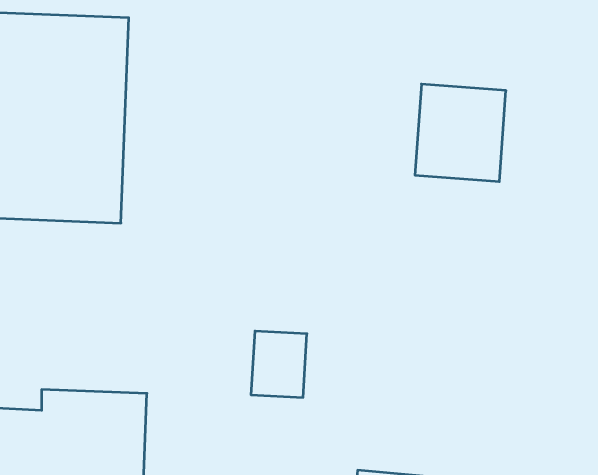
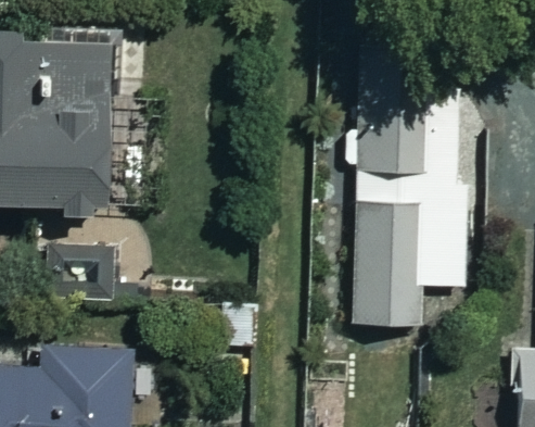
building: none -> [354,203,462,326]

